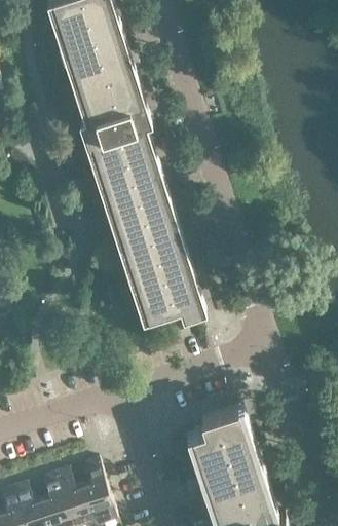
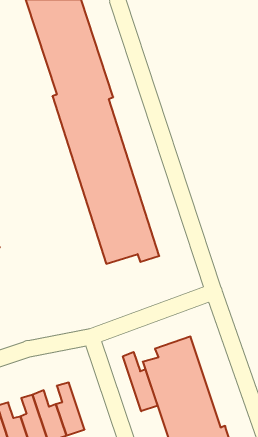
building: none -> [123,352,158,411]

